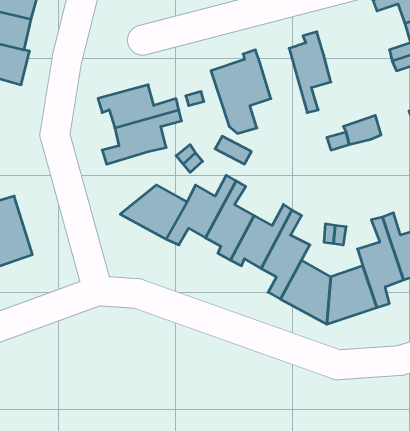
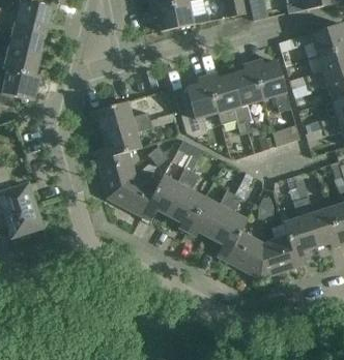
building: none -> [253,59,292,112]
building: none -> [207,71,249,133]
building: none -> [96,150,134,197]

